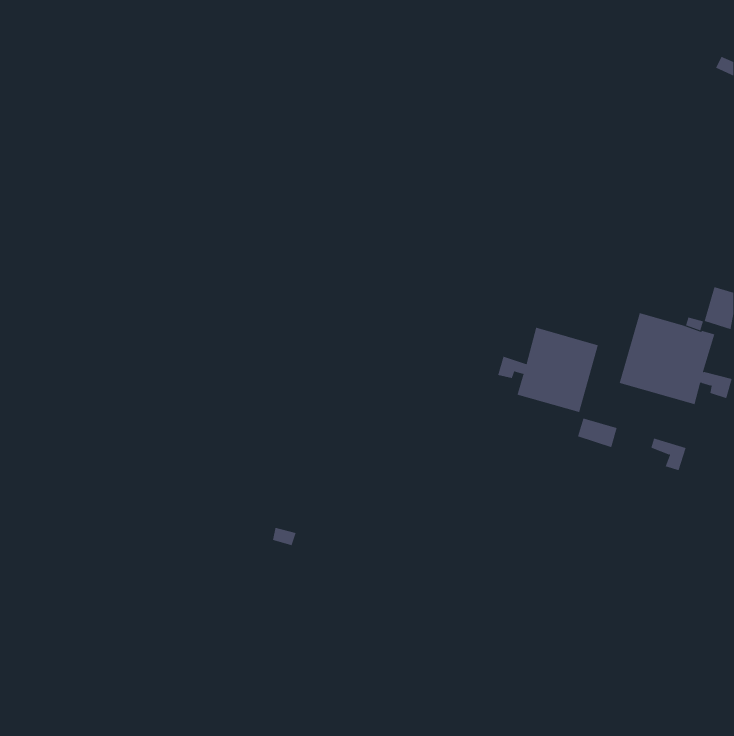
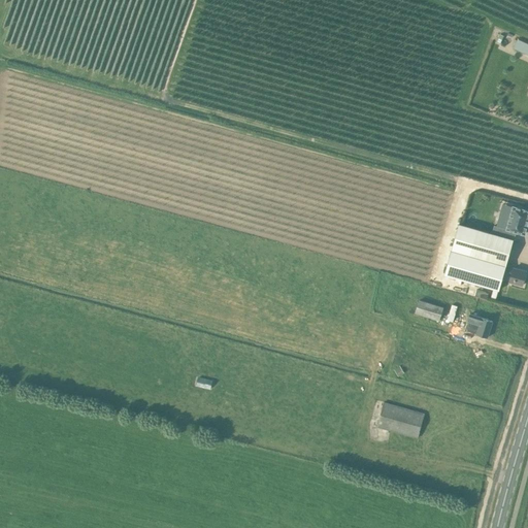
building: [498,327,599,413] -> none
building: none -> [376,404,424,439]

